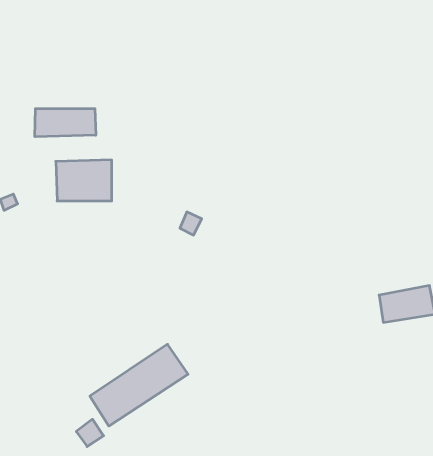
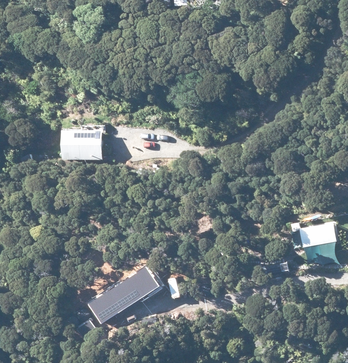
building: [35,109,96,137] -> none

